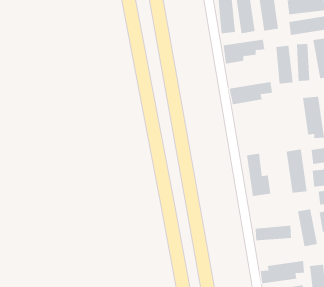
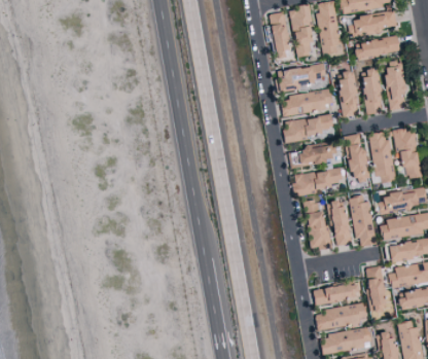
building: none -> [282,87,335,116]
building: none -> [345,133,372,181]
building: none -> [291,144,340,165]
building: none -> [294,167,346,191]
building: none -> [328,200,353,246]
building: none -> [315,301,369,330]

